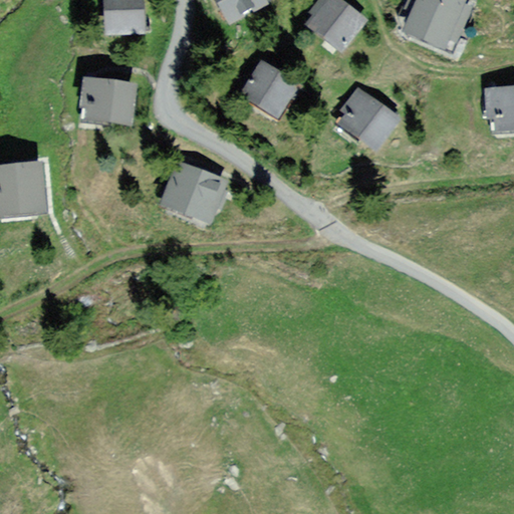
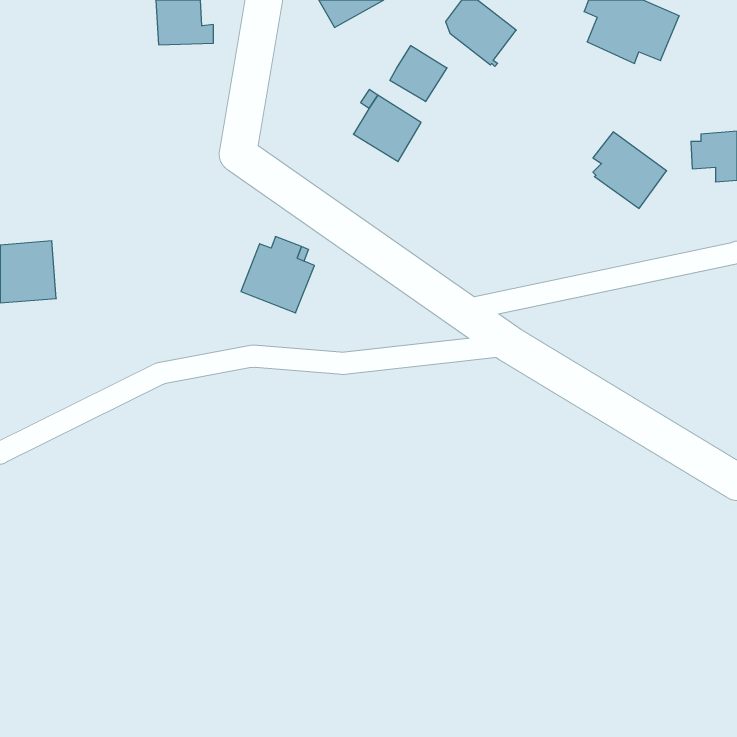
building: none -> [390,46,447,102]
building: [84,83,131,120] -> none
building: [343,92,395,146] -> [593,132,667,208]

